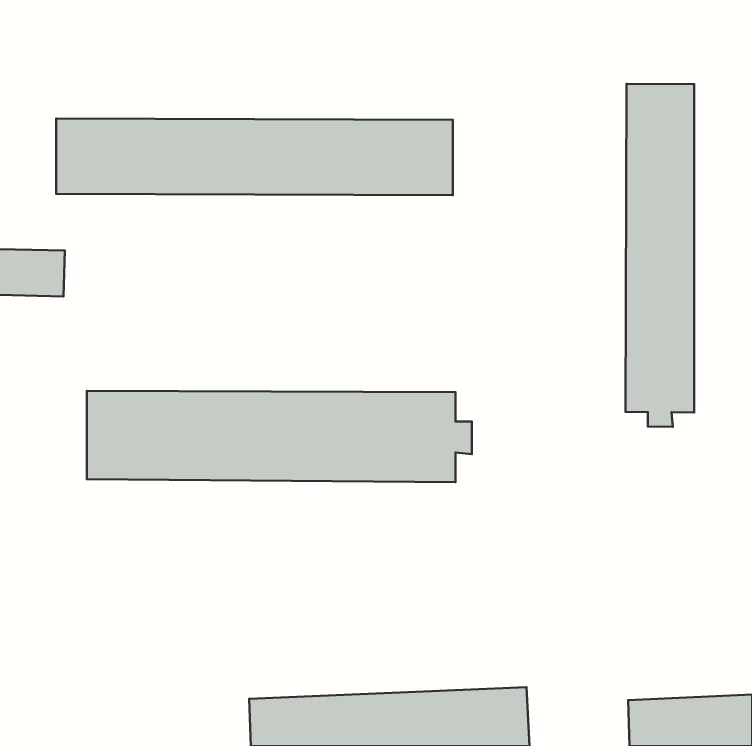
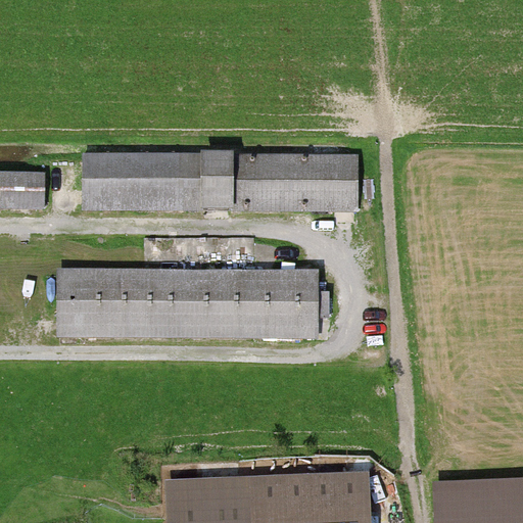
building: [625,84,694,427] -> none
building: [56,118,453,195] -> [83,154,358,207]

